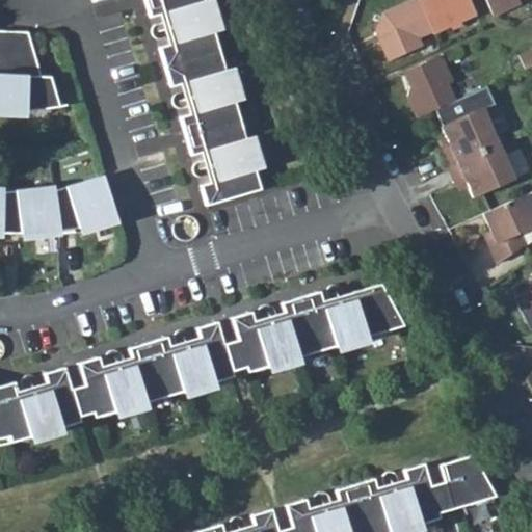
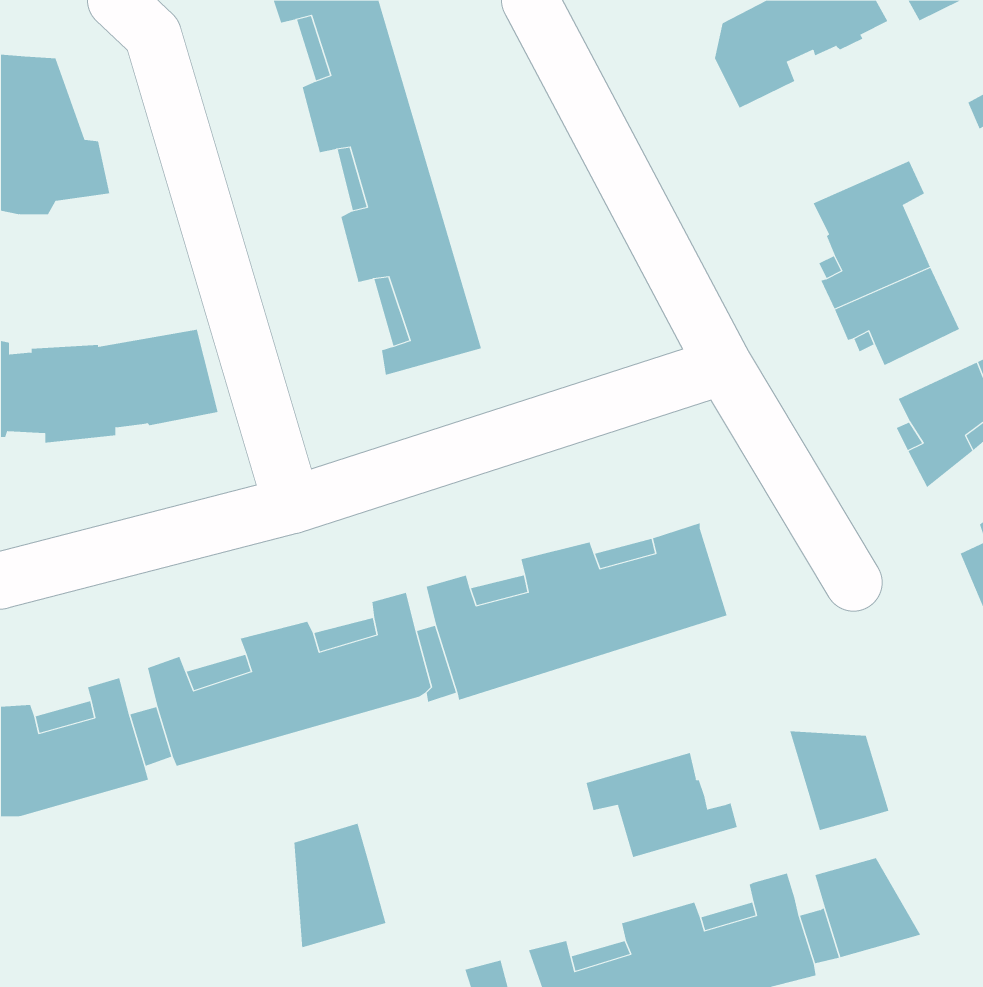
building: [409,57,458,117] -> none
building: none -> [790,731,889,831]
building: none -> [586,752,737,858]
building: none -> [294,823,386,948]

